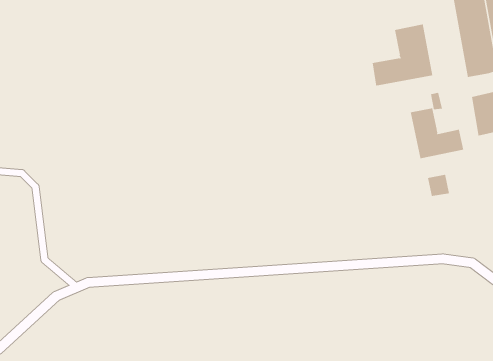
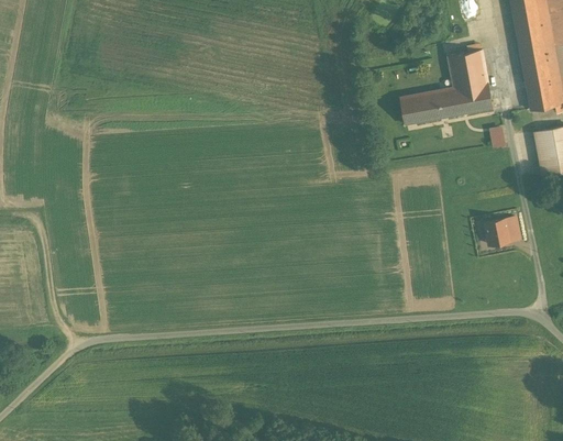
building: none -> [402,93,429,123]
building: [410,107,464,159] -> none

